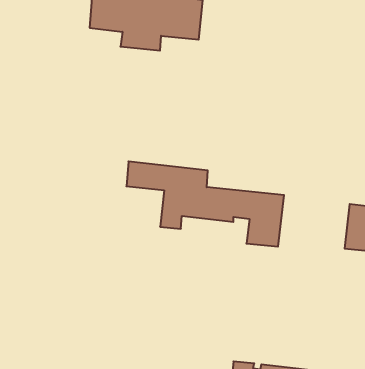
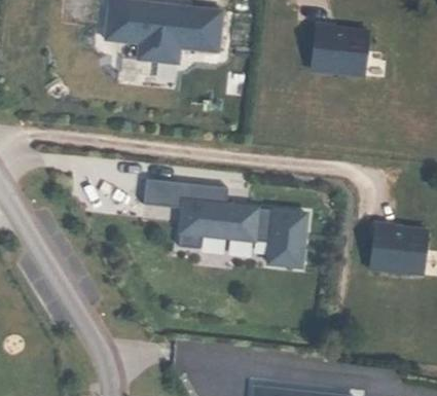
building: none -> [312,25,369,76]

